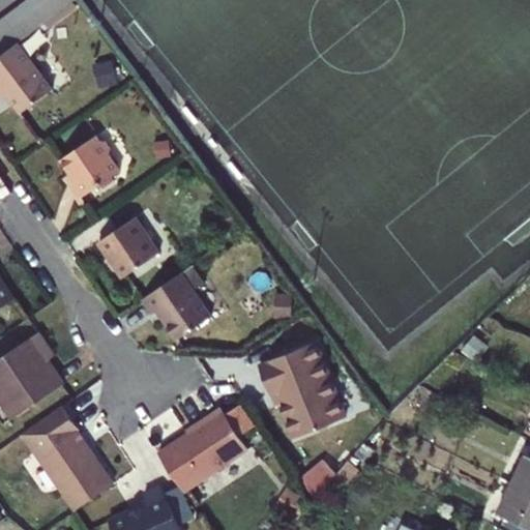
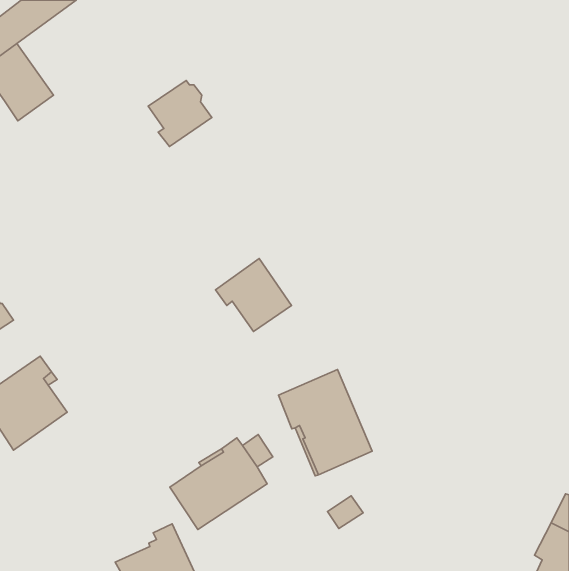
building: [60,136,119,197] -> [148,81,212,147]
building: [99,217,159,276] -> none
building: [143,271,213,338] -> [216,259,292,331]
building: [21,406,113,511] -> none

